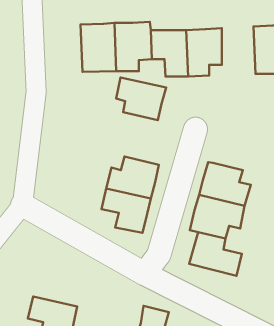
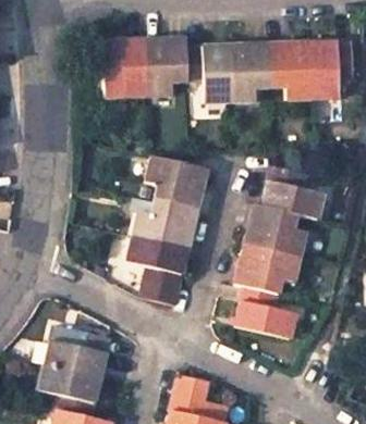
building: none -> [273,41,314,98]
building: [116,77,166,120] -> [148,155,208,207]
building: none -> [263,163,327,217]
building: none -> [48,326,108,376]

